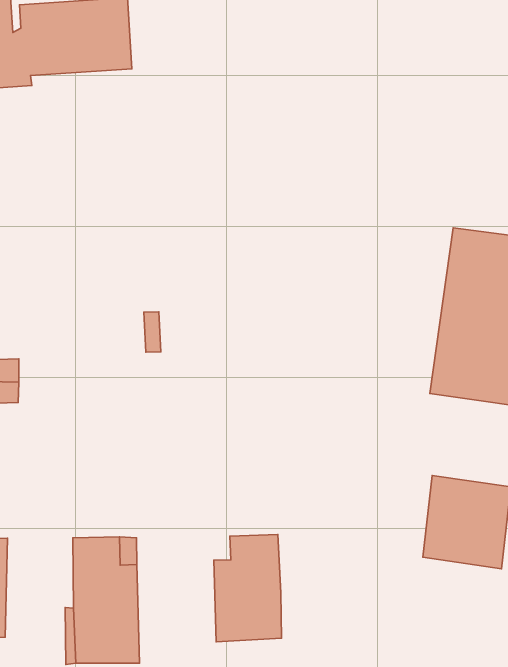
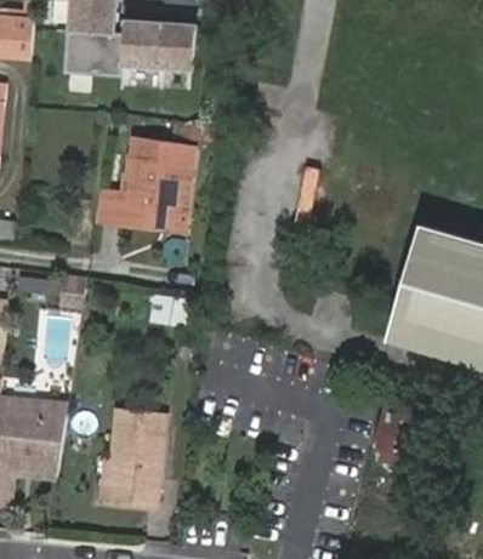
building: none -> [98,135,199,226]
building: [214,535,282,642] -> none

